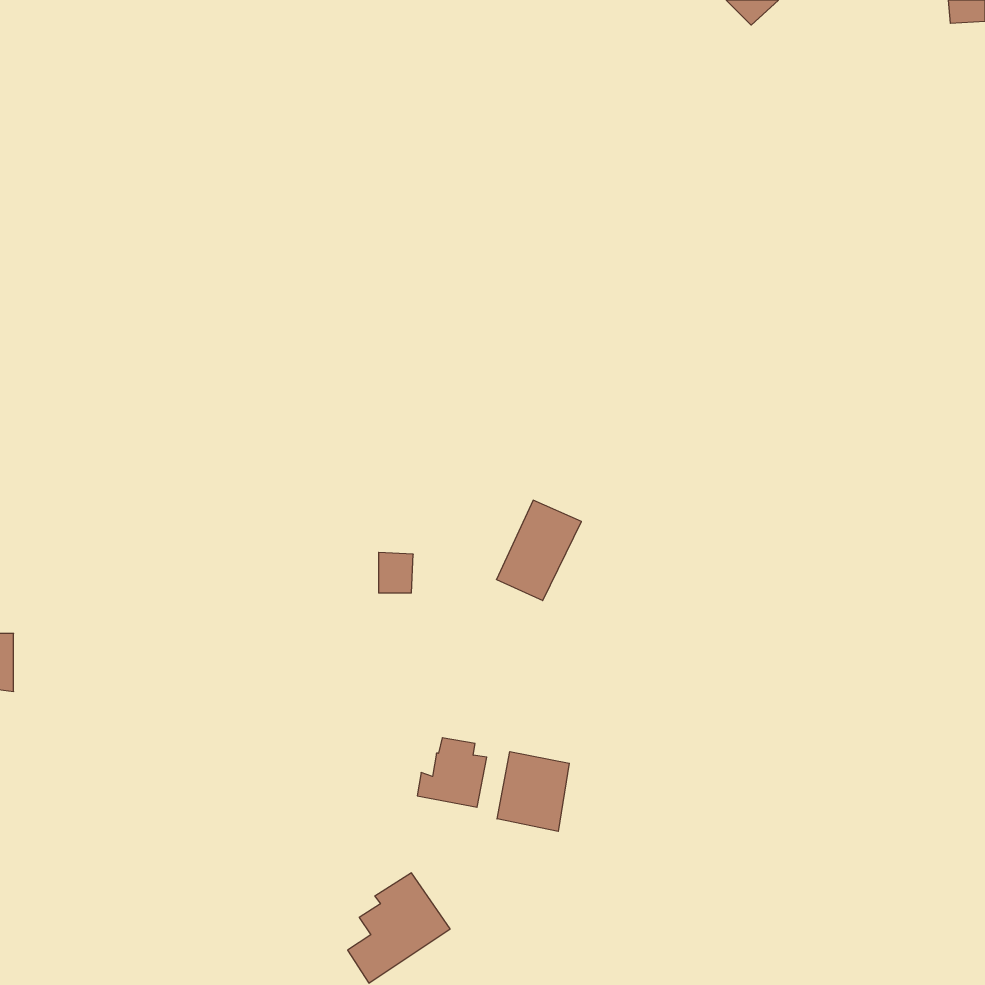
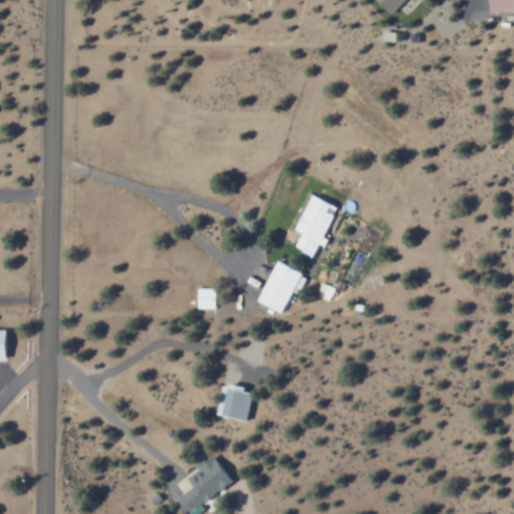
building: none -> [295,195,337,257]
building: [497,752,569,831] -> none

